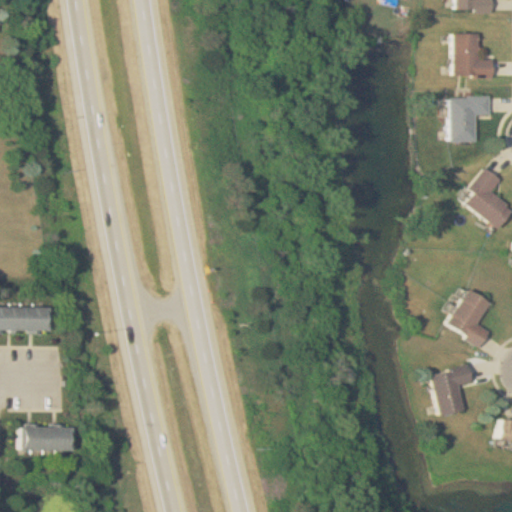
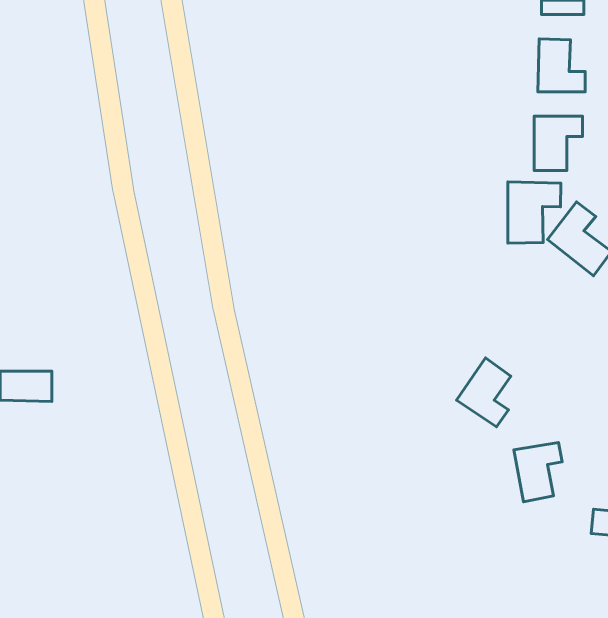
building: none -> [508,182,561,243]
building: [447,289,492,346] -> [457,358,511,427]
building: [20,427,73,452] -> none

